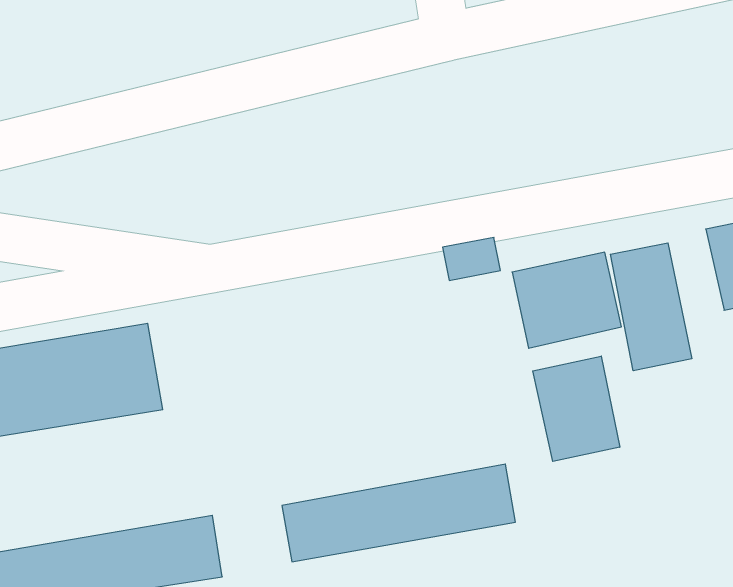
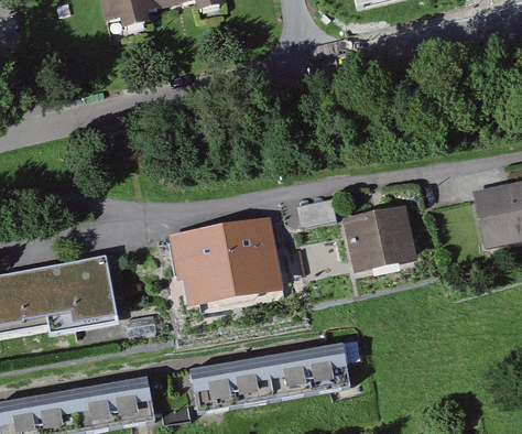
building: [610,243,692,371] -> none
building: none -> [172,217,280,304]
building: [533,356,620,461] -> none

